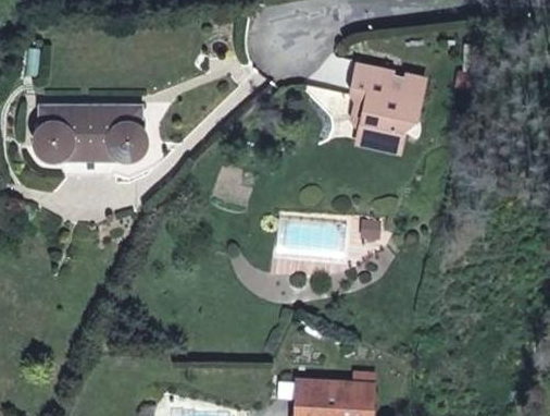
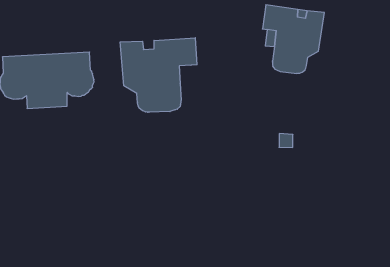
building: none -> [120,38,197,112]

